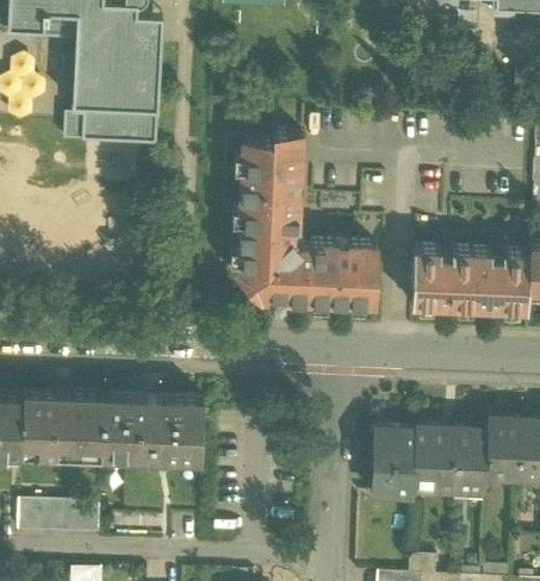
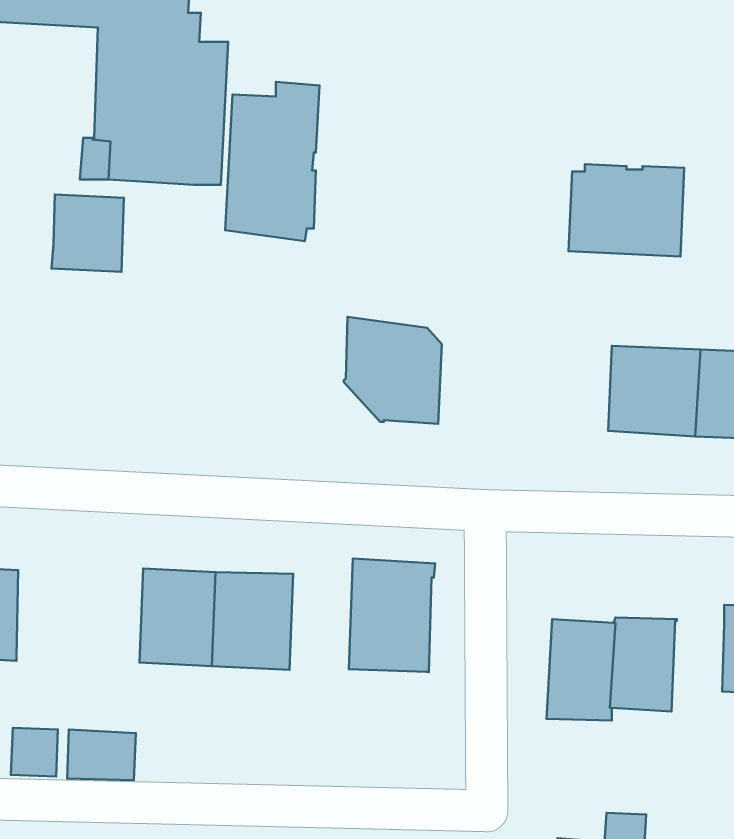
building: [240,130,302,235] -> [225,82,319,241]
building: none -> [51,195,124,272]
building: [299,240,375,301] -> [568,164,684,257]
building: none -> [349,559,435,672]
building: [21,389,105,455] -> none
building: [453,427,488,488] -> none

